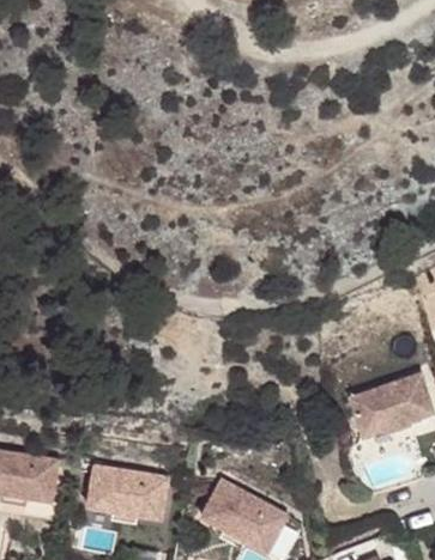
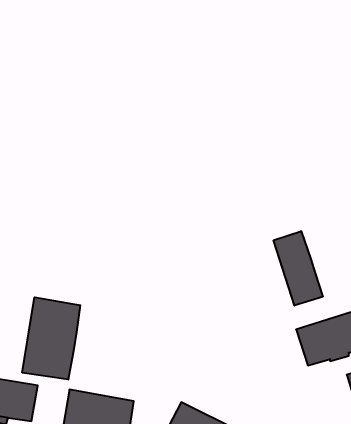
building: none -> [274,231,323,306]
building: none -> [22,297,80,380]

